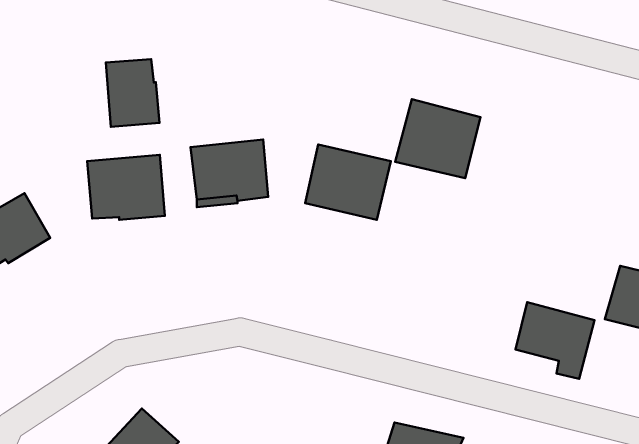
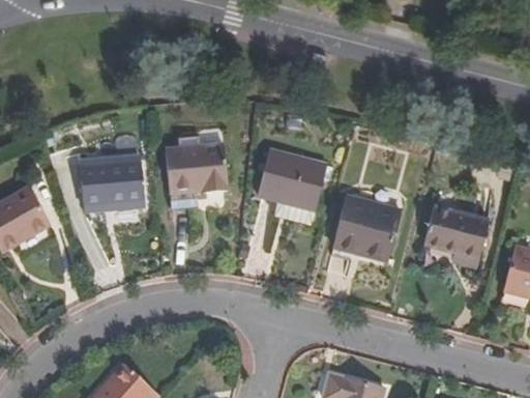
building: [106,59,159,127] -> none
building: [395,99,481,178] -> [331,196,401,260]
building: [516,302,595,379] -> [424,205,489,267]

